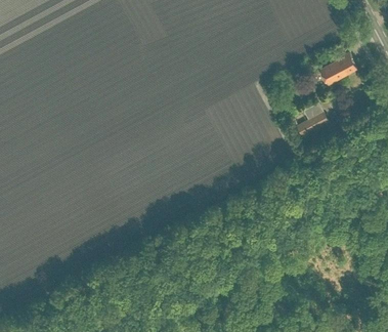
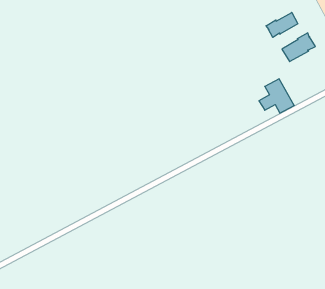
building: none -> [266,12,298,37]

